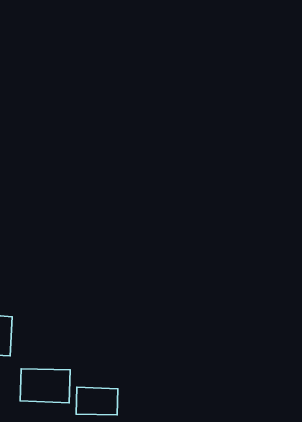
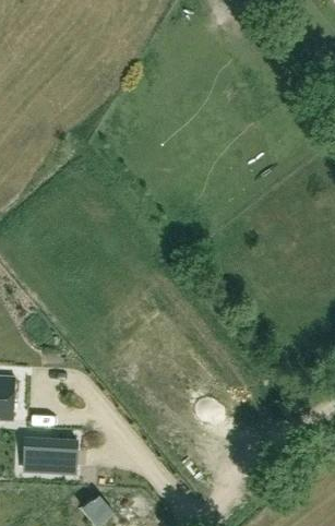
building: [76,387,118,415] -> none

